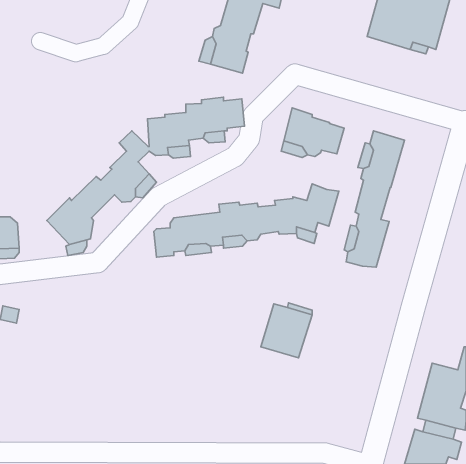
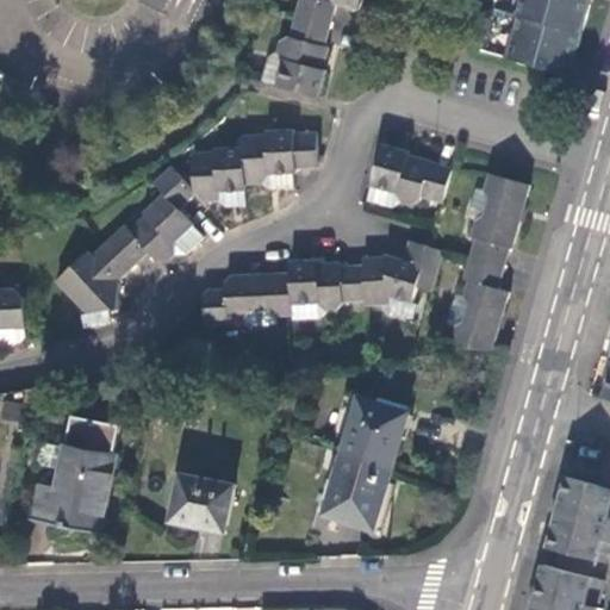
building: none -> [30,413,116,531]
building: none -> [322,452,388,524]
building: none -> [168,472,232,530]

